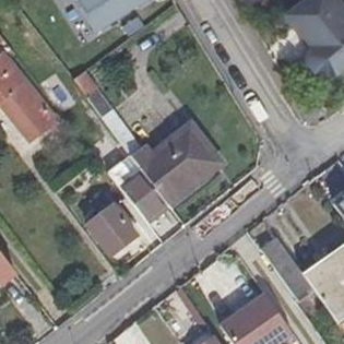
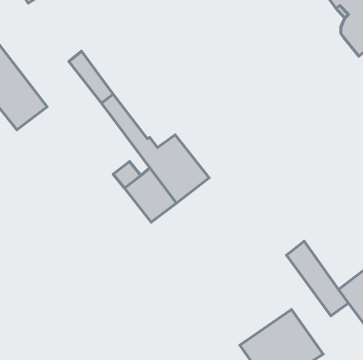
building: [166,126,220,182] -> none
building: [87,194,138,256] -> none

